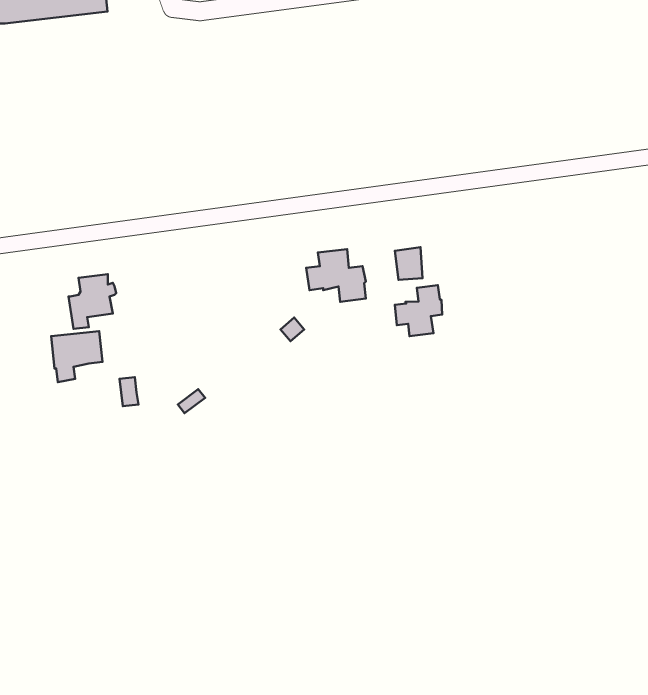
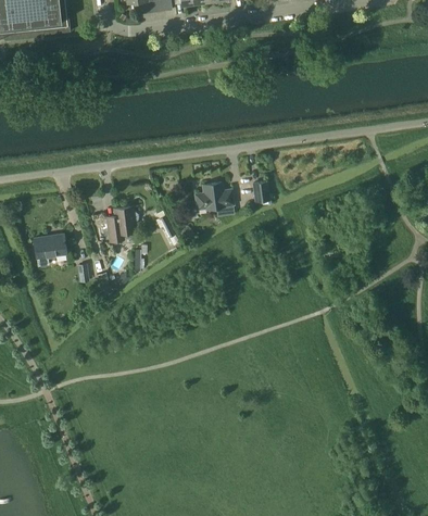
building: [68,274,116,329] -> [106,205,137,240]
building: [395,285,442,336] -> none

